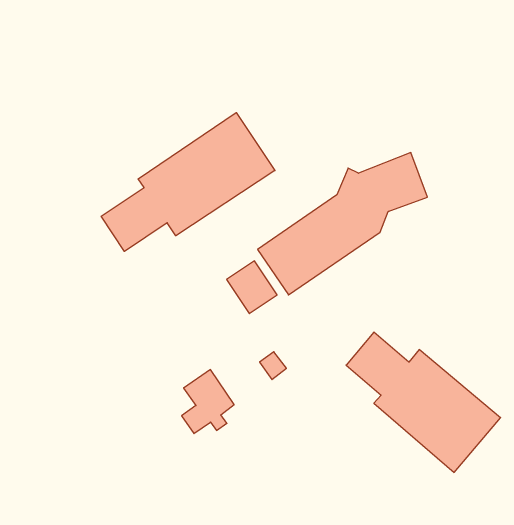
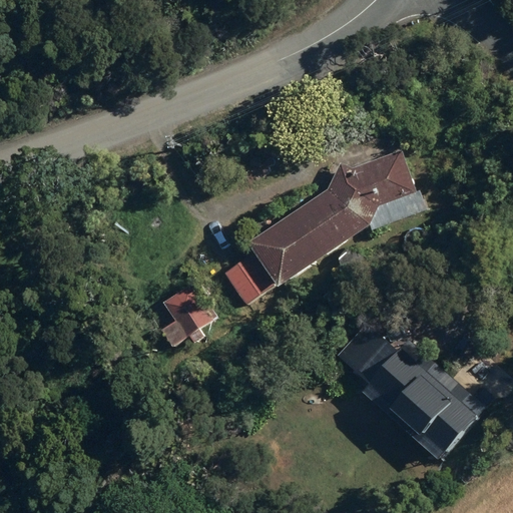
building: [101,113,275,251] -> none
building: [182,370,234,434] -> [159,285,210,347]

